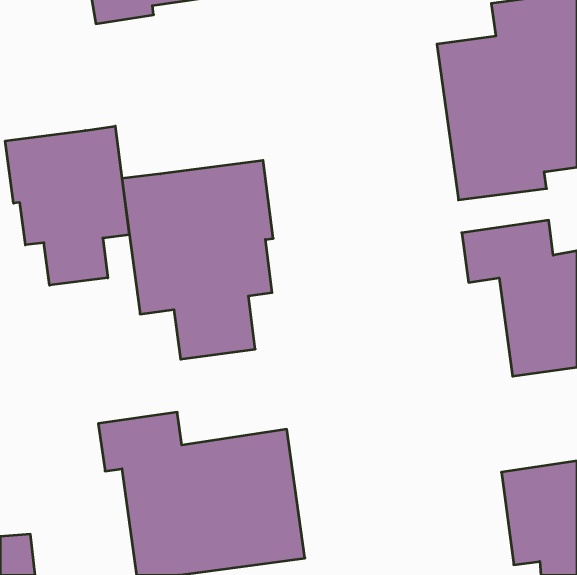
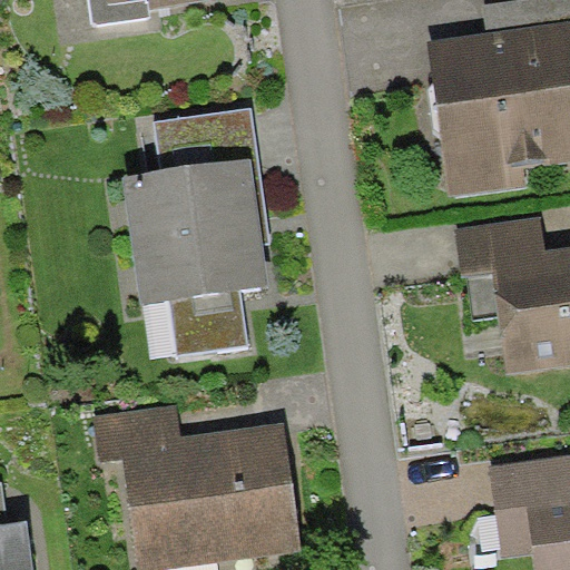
building: none -> [151,109,259,171]
building: [5,126,129,285] -> none

